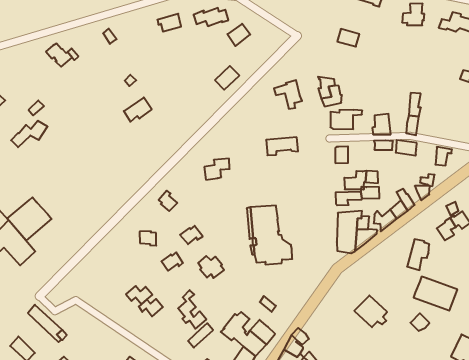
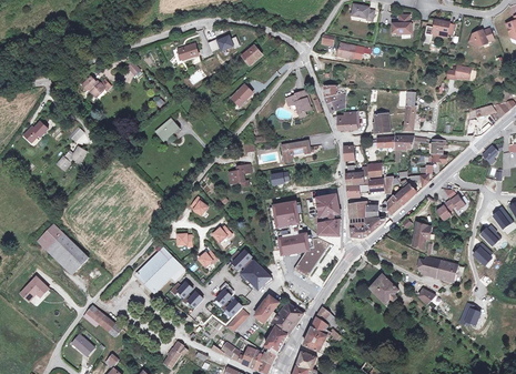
building: [7,197,52,240] -> none
building: none -> [313,194,340,235]
building: none -> [136,244,184,291]
building: none -> [293,237,328,279]
building: none -> [241,261,271,291]

